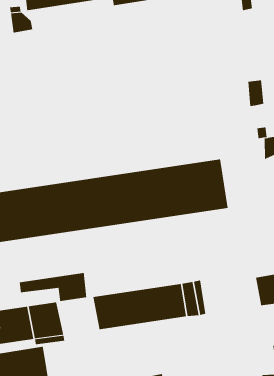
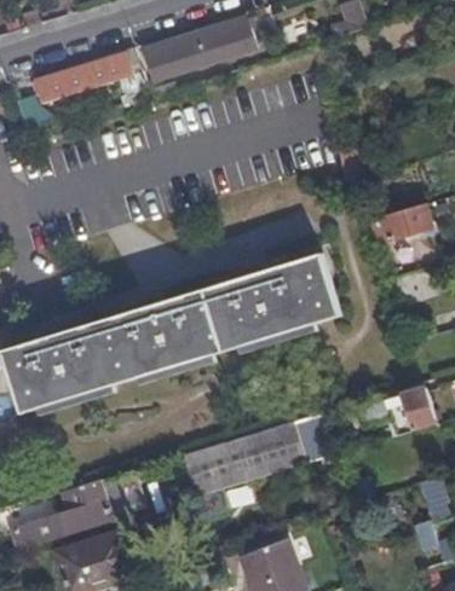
building: [19,272,87,302] -> none

